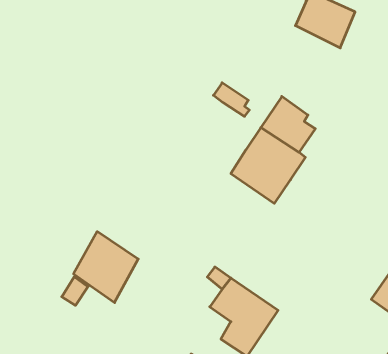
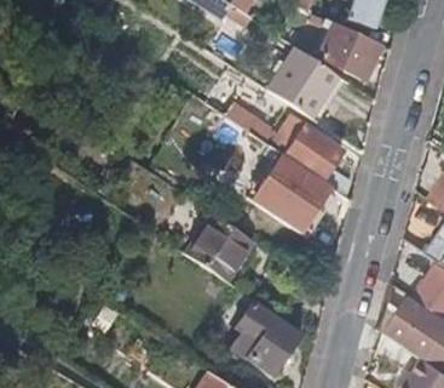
building: none -> [267,48,340,120]
building: [74,232,138,303] -> [186,213,249,283]

